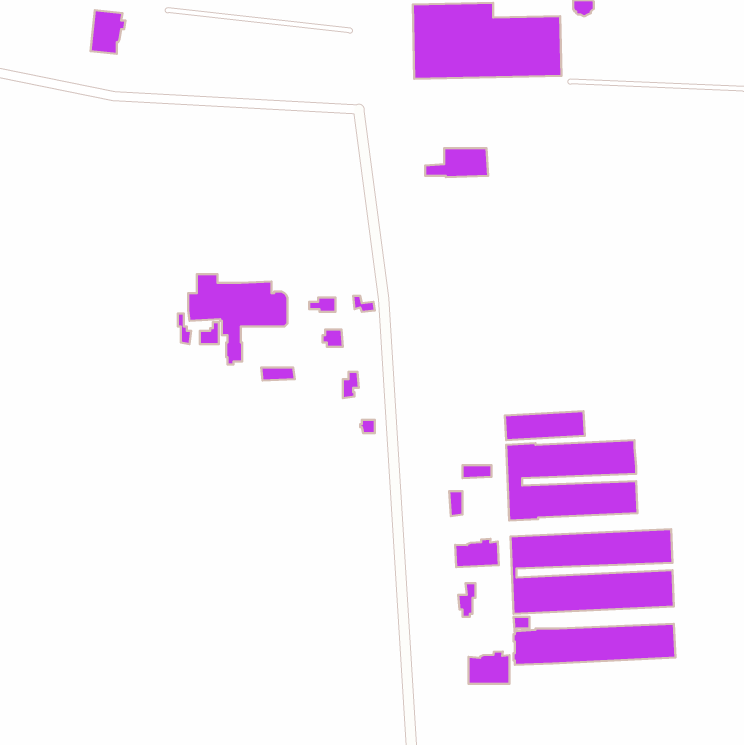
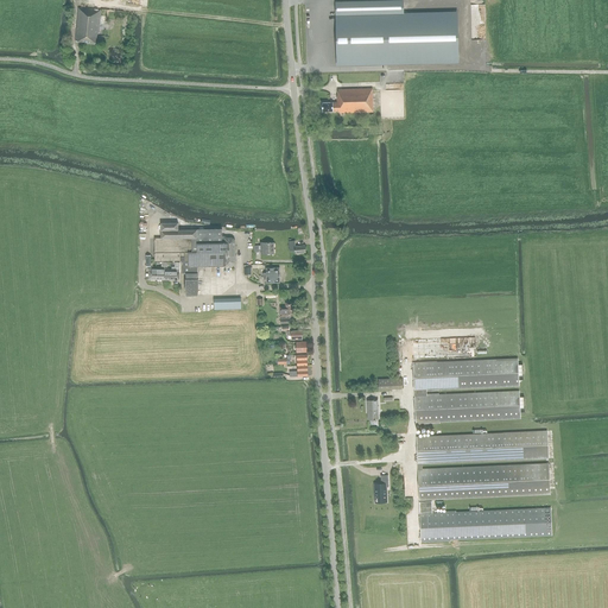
building: [425,148,488,177] -> [321,89,372,113]
building: [455,539,499,567] -> none
building: [468,651,510,684] -> none

